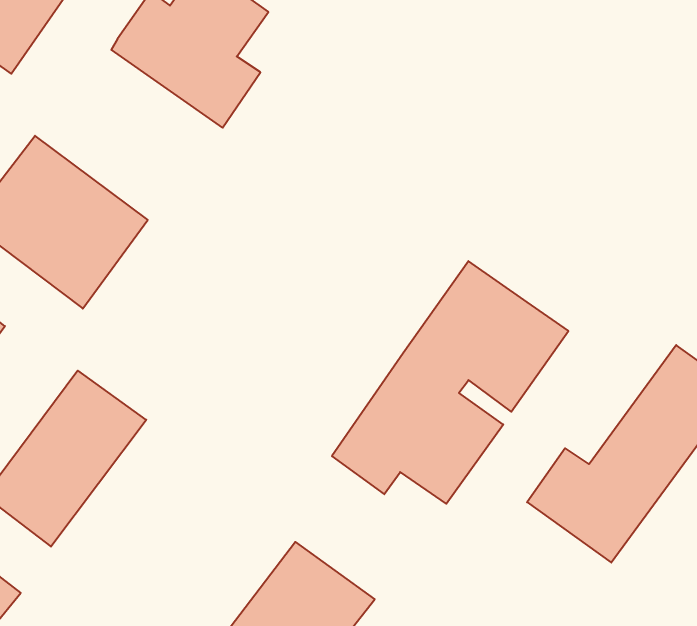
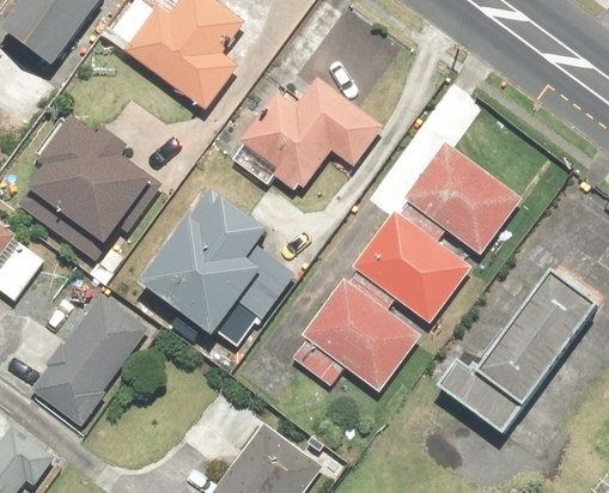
building: none -> [215,75,384,193]
building: none -> [394,142,516,252]
building: none -> [134,189,296,339]

